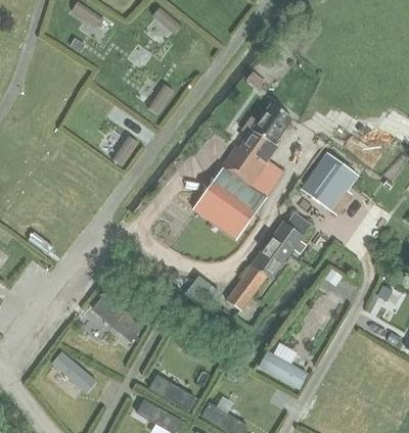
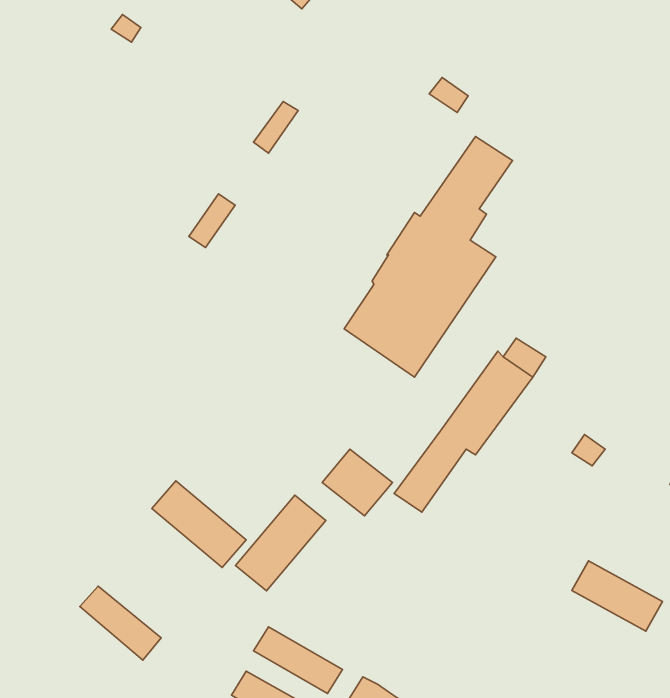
building: [300,153,357,211] -> none
building: none -> [236,495,326,591]
building: [256,350,306,389] -> [572,561,663,631]

